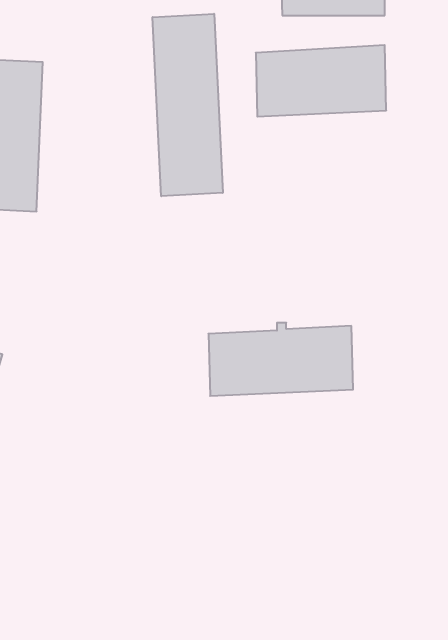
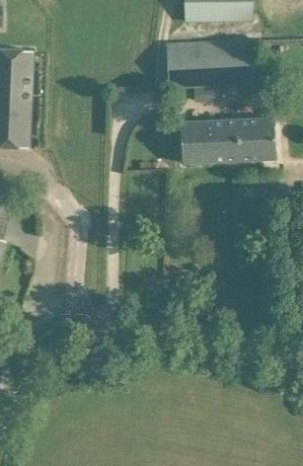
building: [153,14,223,196] -> none
building: [208,323,353,396] -> [180,115,275,163]

